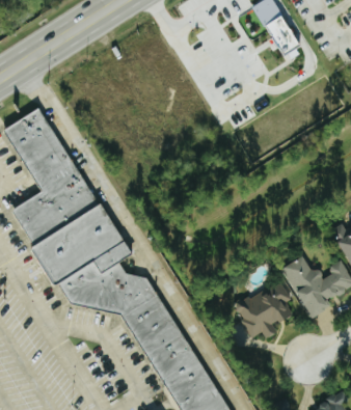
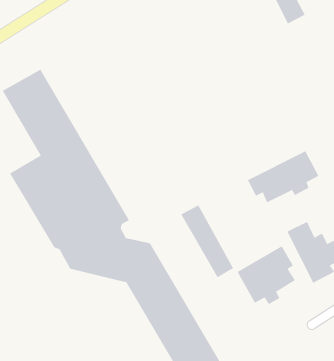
building: none -> [247,150,319,203]
building: none -> [180,204,234,278]

